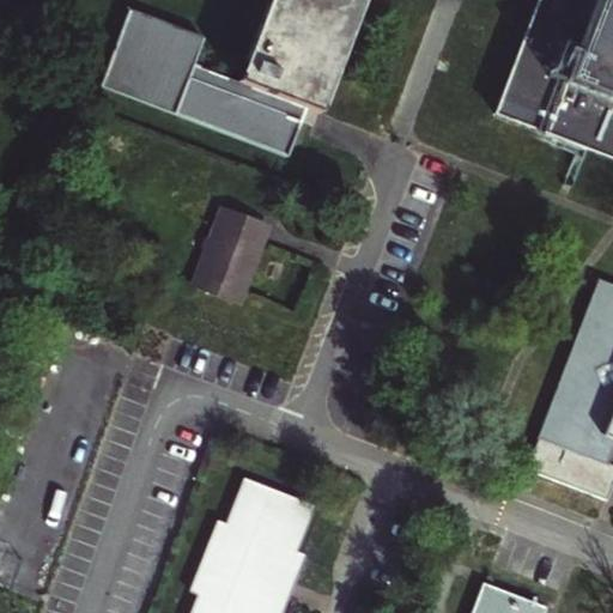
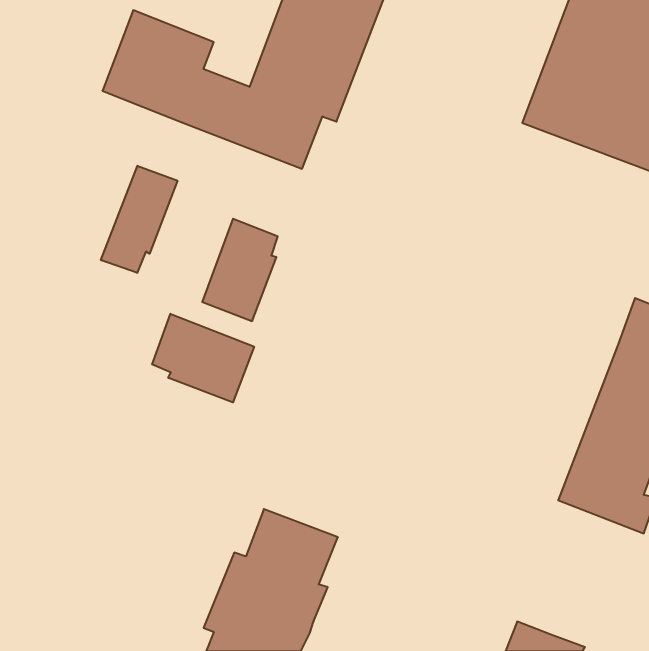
building: none -> [101,166,177,273]
building: none -> [152,314,254,402]

